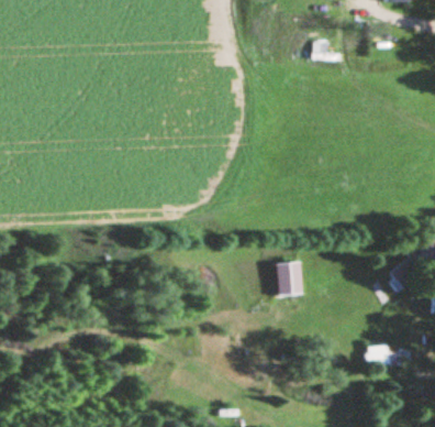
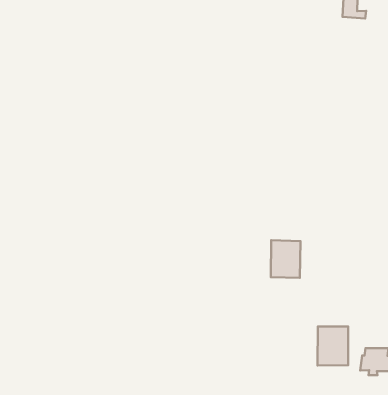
building: none -> [318,326,348,366]

